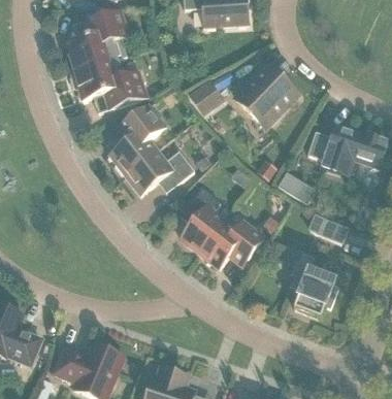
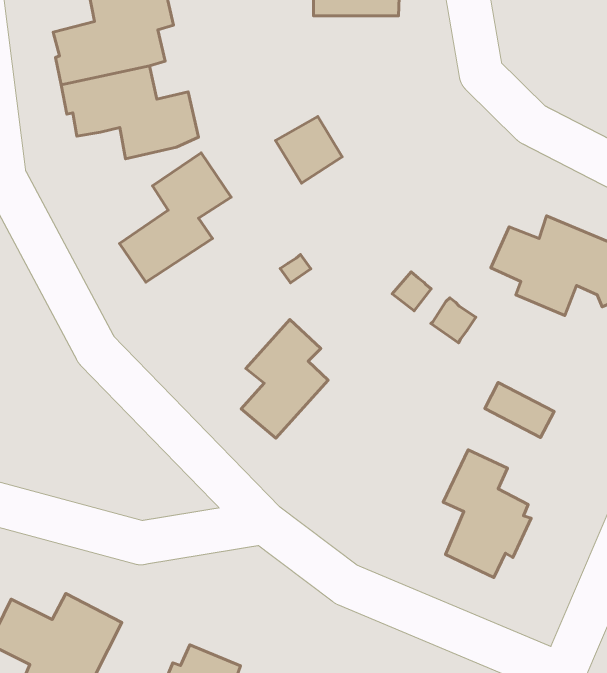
building: [235,65,298,127] -> none
building: [124,148,194,195] -> none
building: [199,220,264,268] -> none

